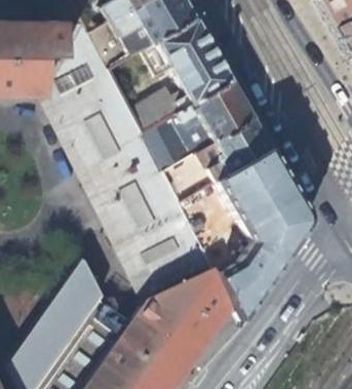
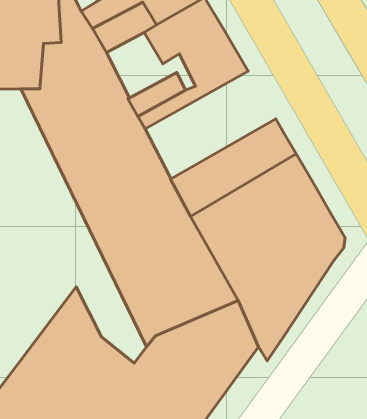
building: [143,81,249,169] -> none

